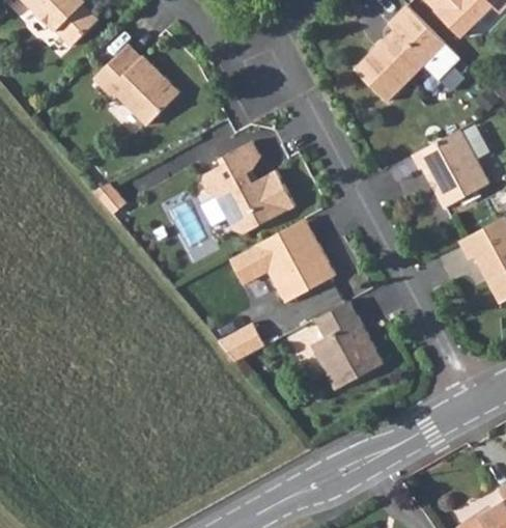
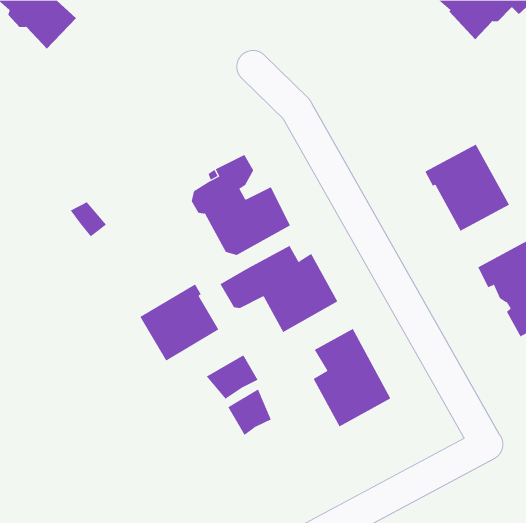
building: [355,6,459,102] -> none
building: [96,44,180,124] -> none
building: none -> [140,283,219,361]
building: none -> [228,389,271,436]

